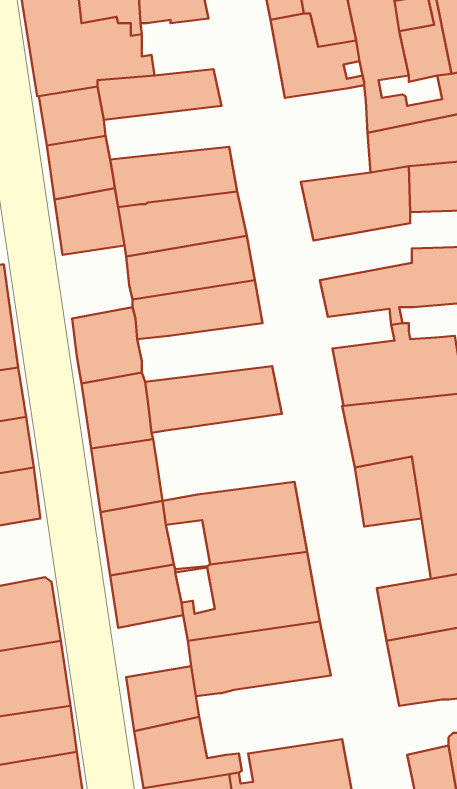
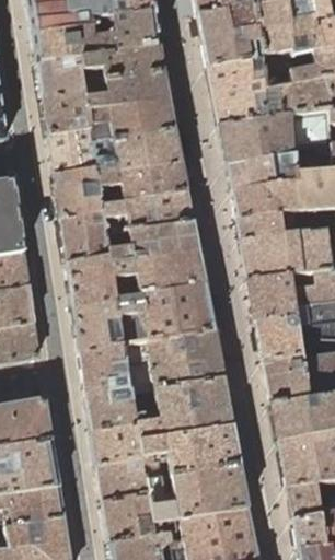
building: none -> [107,14,160,54]
building: none -> [207,60,266,127]
building: none -> [82,74,169,112]
building: none -> [227,155,294,195]
building: none -> [54,171,102,221]
building: none -> [236,214,282,242]
building: none -> [105,224,198,265]
building: none -> [115,287,213,347]
building: none -> [262,359,308,407]
building: none -> [92,425,142,468]
building: none -> [146,467,246,524]
building: none -> [286,483,321,522]

